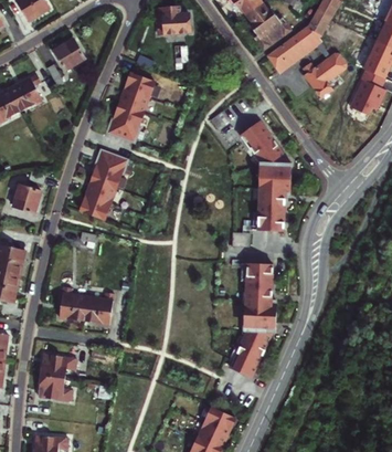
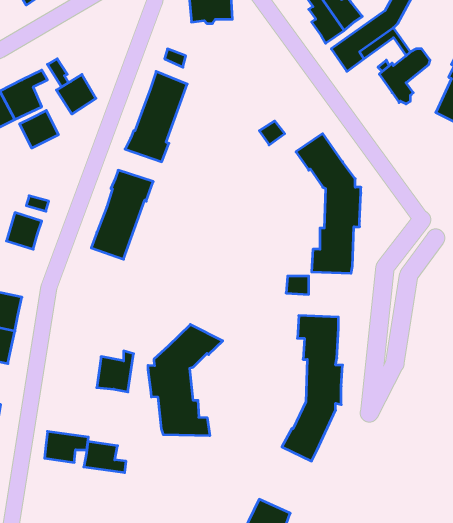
building: [54,39,85,70] -> [56,74,96,114]
building: none -> [20,110,58,148]
building: none -> [148,324,223,436]
building: [60,286,87,320] -> none
building: [40,376,73,400] -> [84,442,126,473]

